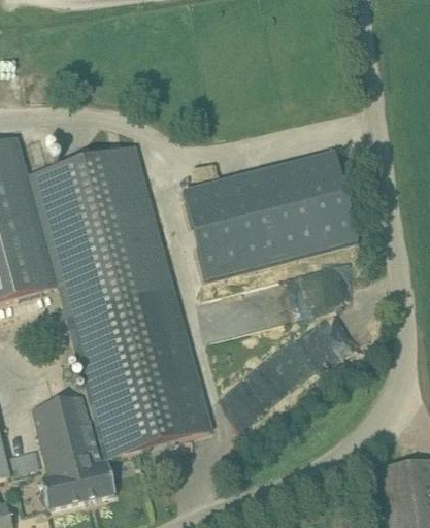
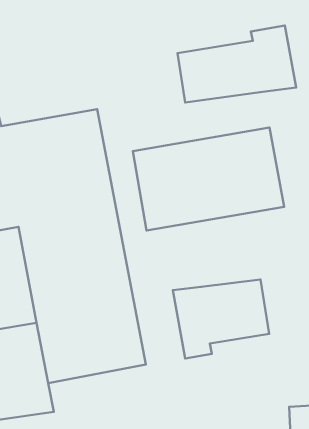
building: none -> [177,26,296,103]
building: none -> [173,280,269,358]

